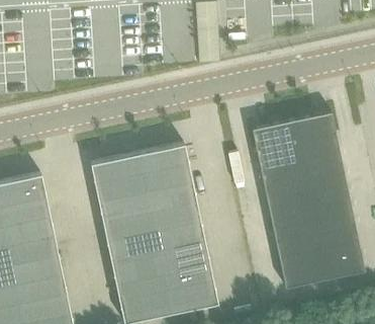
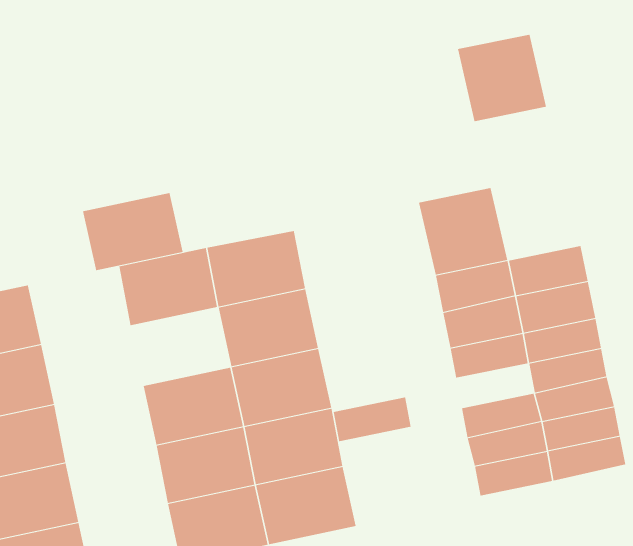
building: [291,113,340,161] -> [457,34,547,122]
building: [96,186,151,229] -> [82,192,183,271]
building: [272,217,314,241] -> [333,397,412,442]

